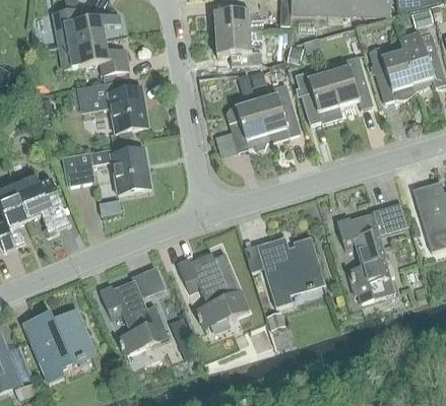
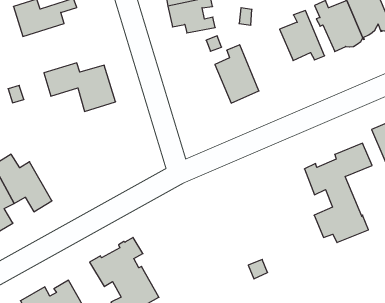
building: [60,39,128,73] -> none
building: [296,71,343,125] -> none
building: [226,100,269,152] -> none
building: [62,147,150,194] -> none
building: [257,236,325,308] -> none
building: [177,253,237,337] -> none

